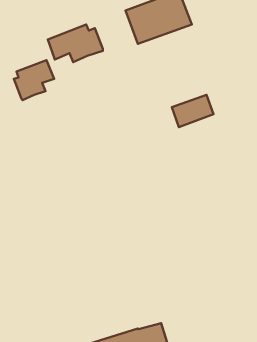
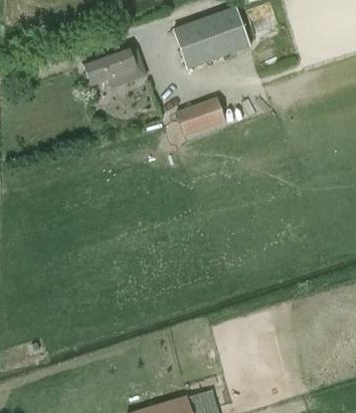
building: [14,60,54,100] -> none
building: [172,95,214,127] -> [177,98,225,136]

